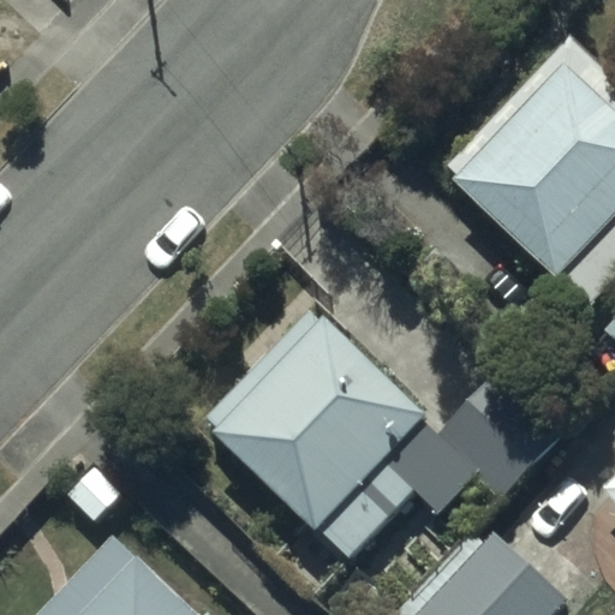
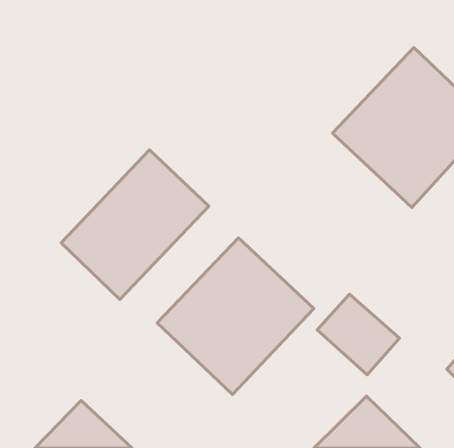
building: none -> [61,150,209,299]

